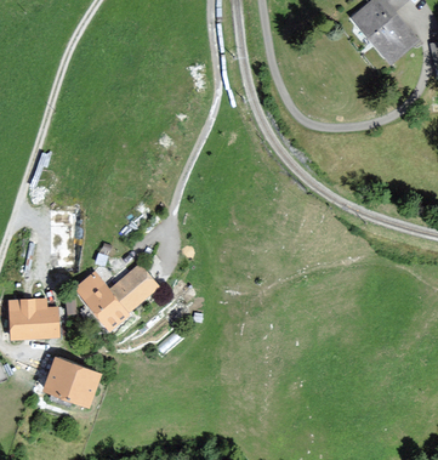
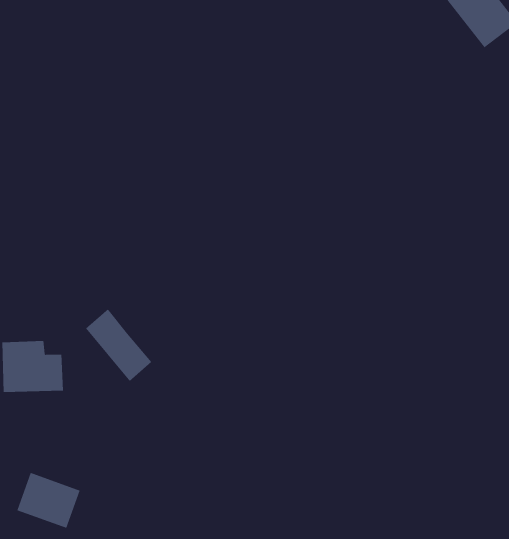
building: [109,266,160,314] -> none
building: [42,359,93,404] -> [16,472,80,529]

